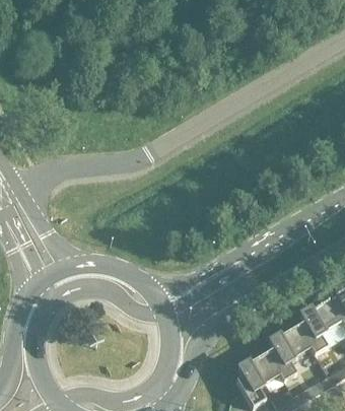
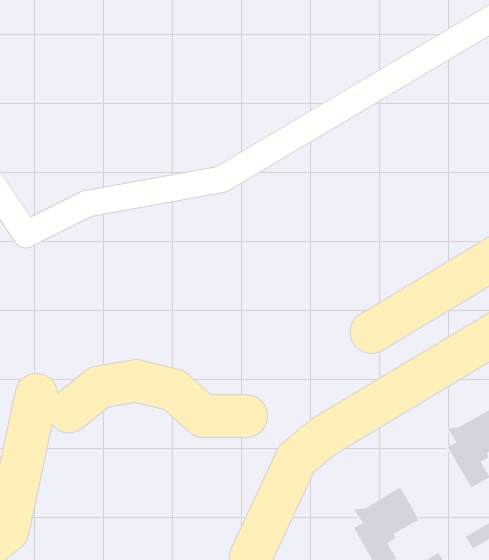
building: [267,325,314,380] -> none

